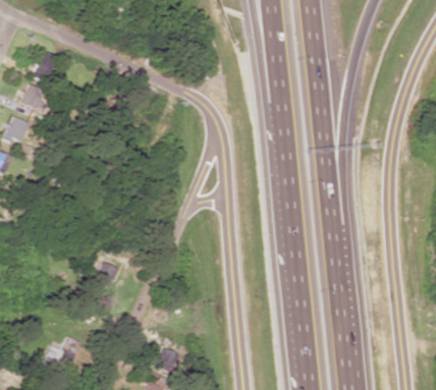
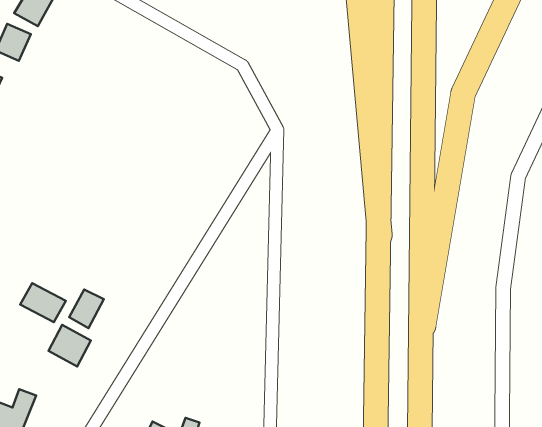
building: none -> [20,283,66,322]
building: none -> [49,325,91,366]

